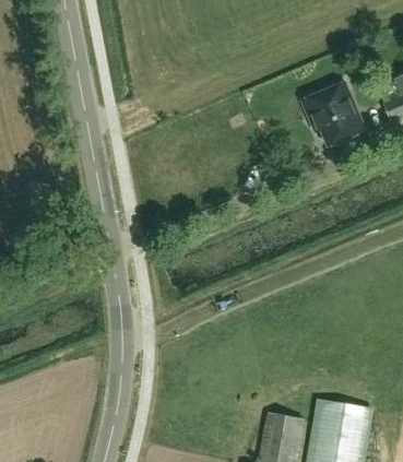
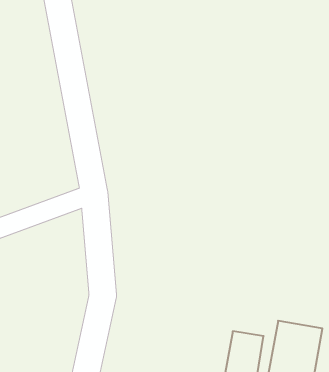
building: [305,90,364,145] -> none

